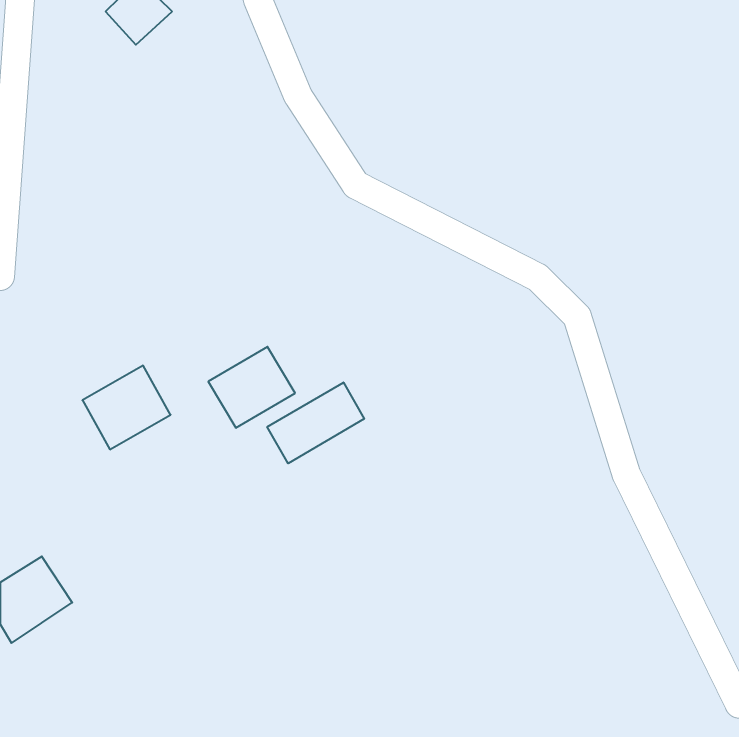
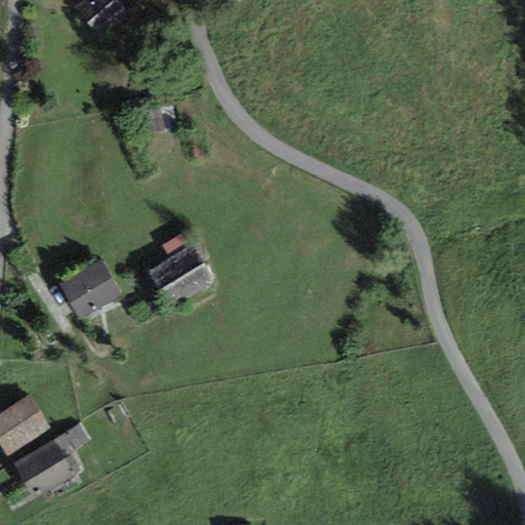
building: [267,382,364,463] -> none
building: none -> [14,423,89,497]

